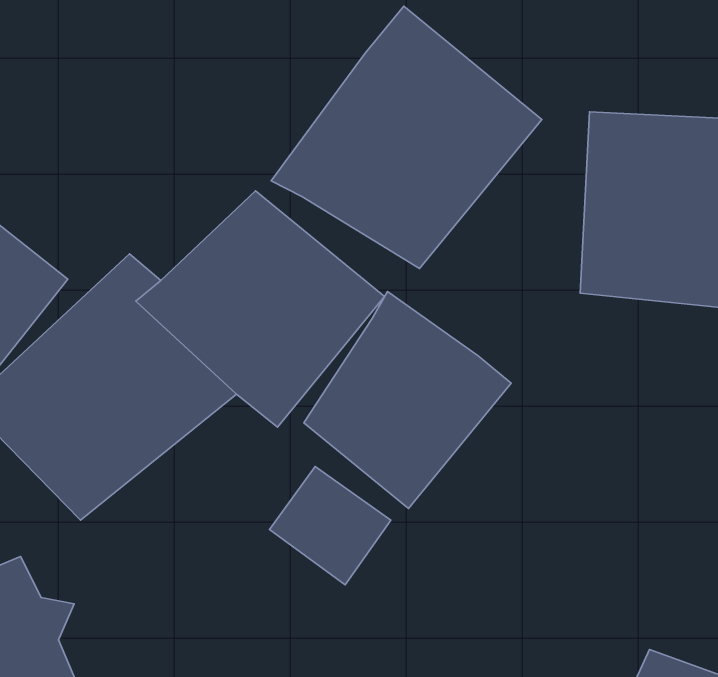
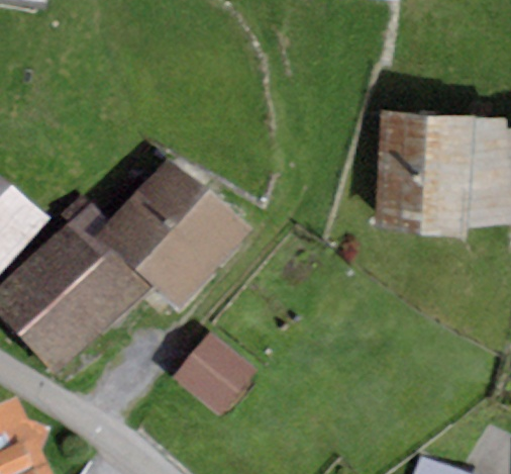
building: [271,6,542,268] -> none
building: [304,291,511,509] -> none

